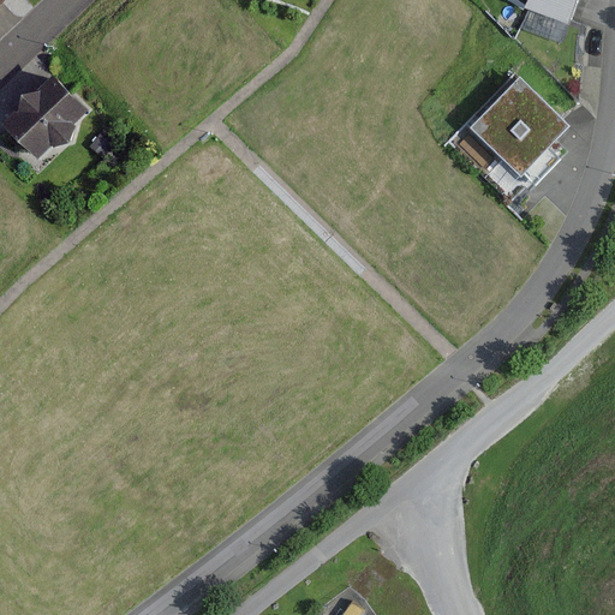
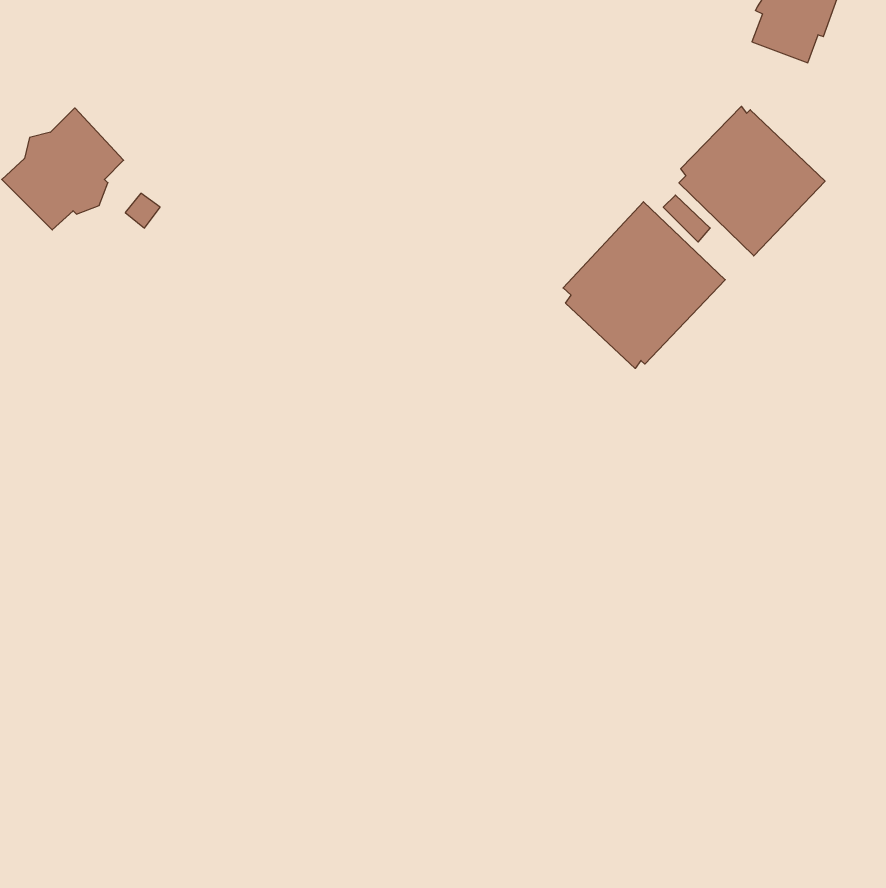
building: none -> [563,202,725,368]

